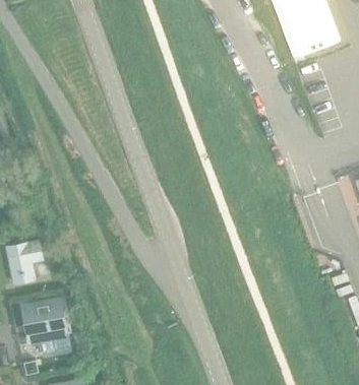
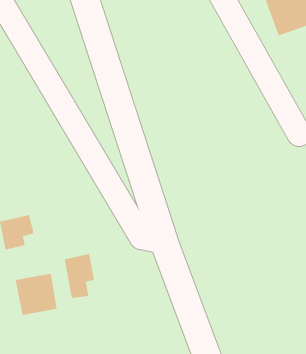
building: none -> [64,253,94,299]

